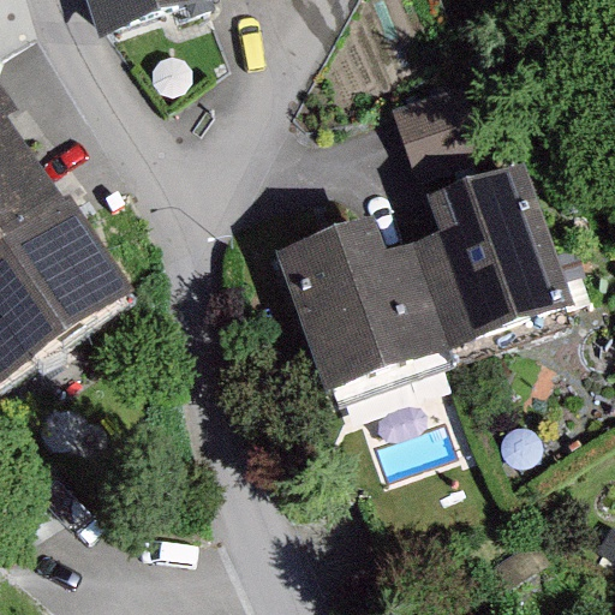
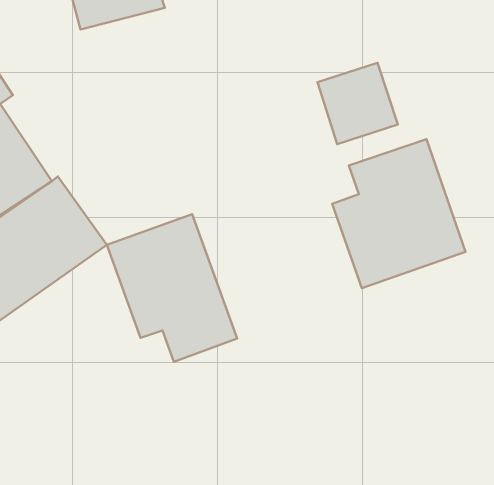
building: [276,222,443,395] -> none
building: none -> [107,214,237,362]

